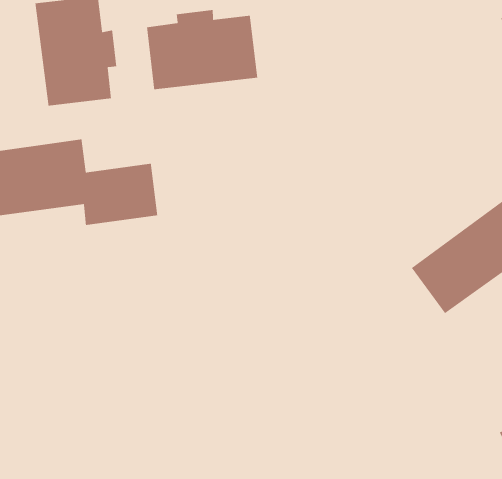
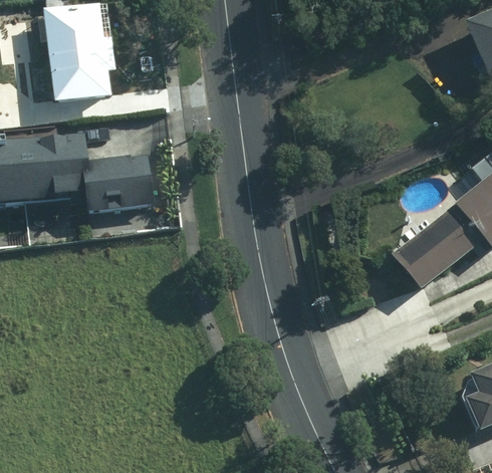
building: [146,9,258,90] -> none

